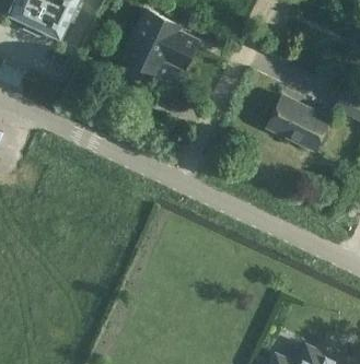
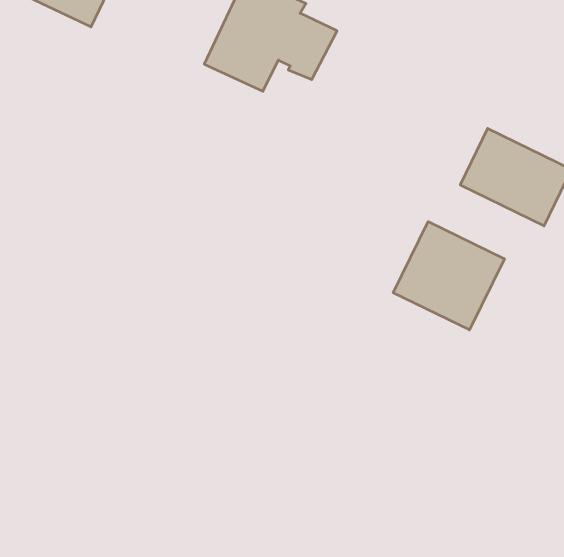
building: none -> [393,222,504,330]

